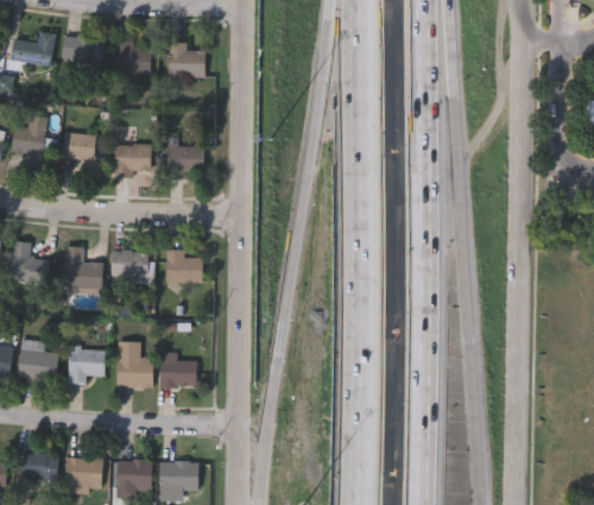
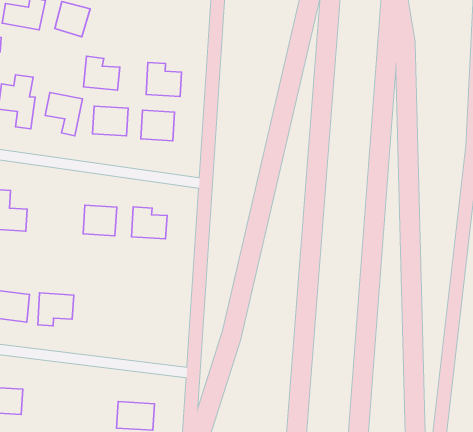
building: [114,40,152,75] -> [83,56,120,90]
building: [169,43,206,77] -> [146,62,182,96]
building: [63,247,102,293] -> none
building: [116,343,151,387] -> none
building: [159,354,195,387] -> none
building: [65,459,102,492] -> none
building: [116,460,151,490] -> none

